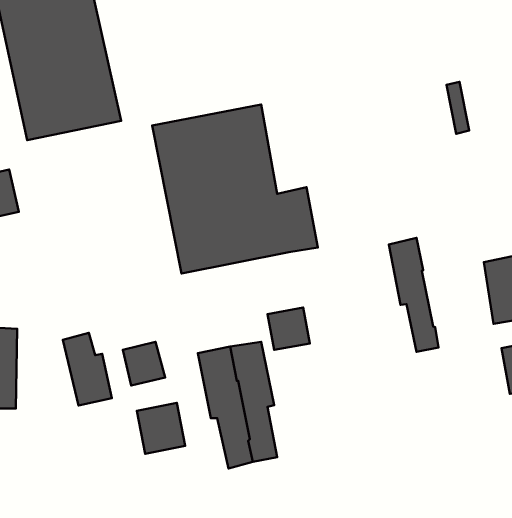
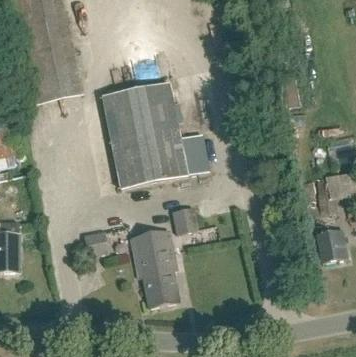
building: [389,238,439,352] -> none
building: [63,333,112,405] -> none
building: [137,403,185,454] -> none

